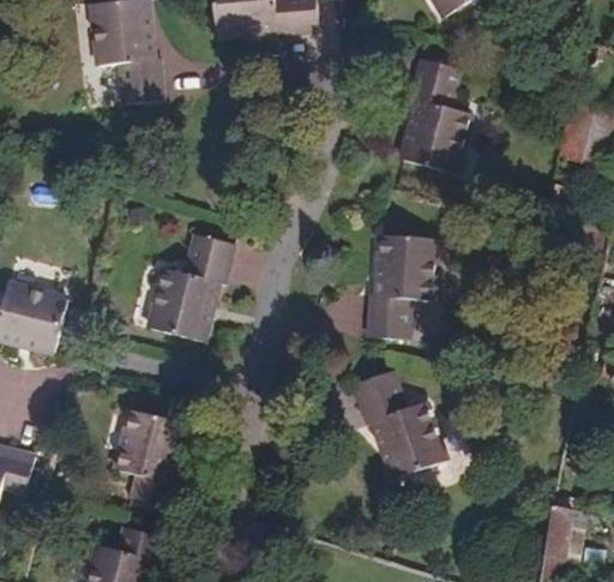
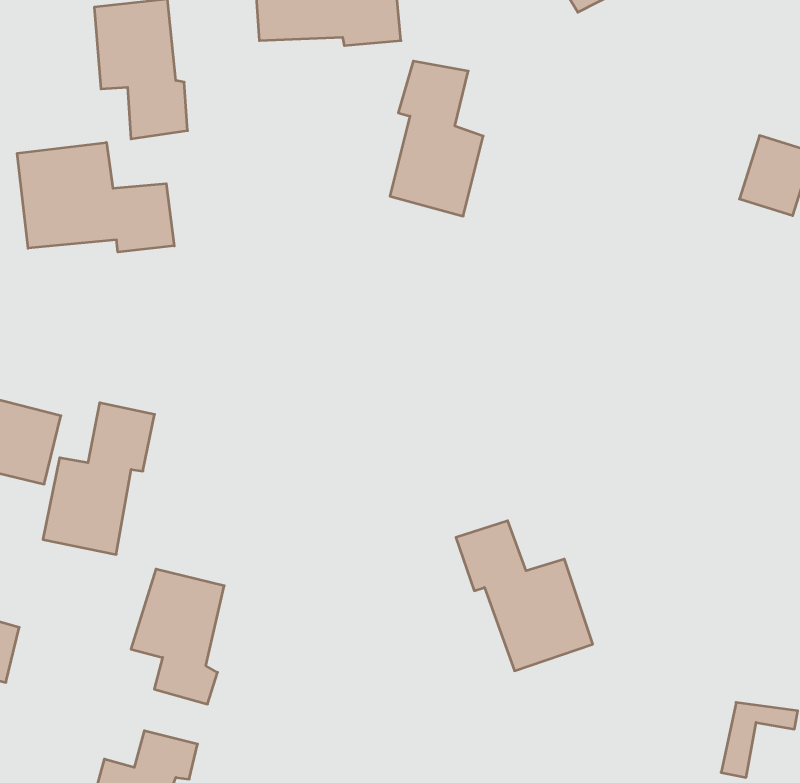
building: [401,61,468,173] -> [390,61,483,216]
building: none -> [17,142,174,252]
building: [149,230,229,340] -> [43,403,155,554]
building: [369,232,438,332] -> none

